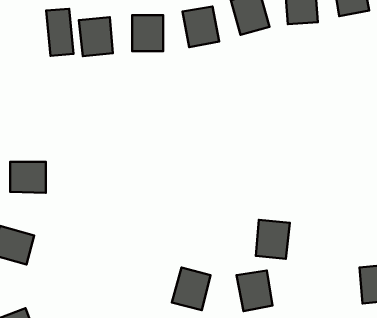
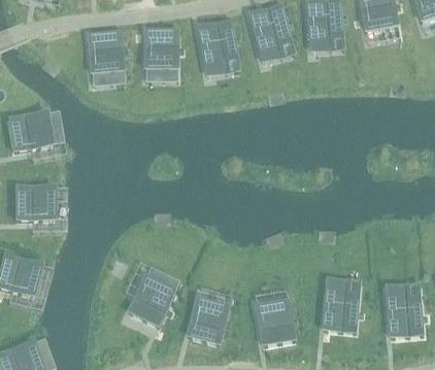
building: [46,9,74,56] -> none
building: none -> [9,109,52,148]
building: [256,220,290,259] -> [324,289,360,330]
building: none -> [130,275,175,324]

